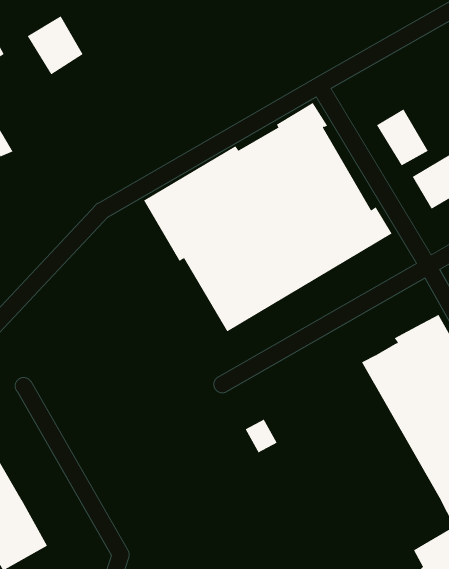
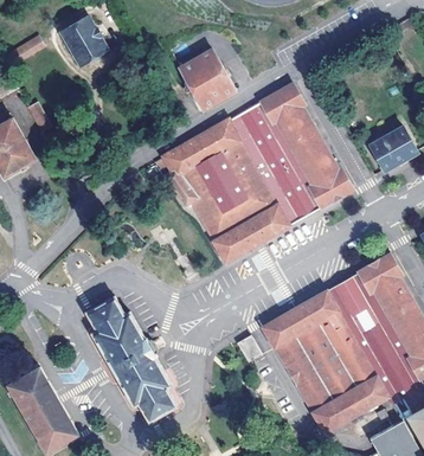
building: none -> [180,47,239,111]
building: [376,109,428,166] -> none
building: none -> [259,288,391,437]
building: none -> [86,297,176,425]

